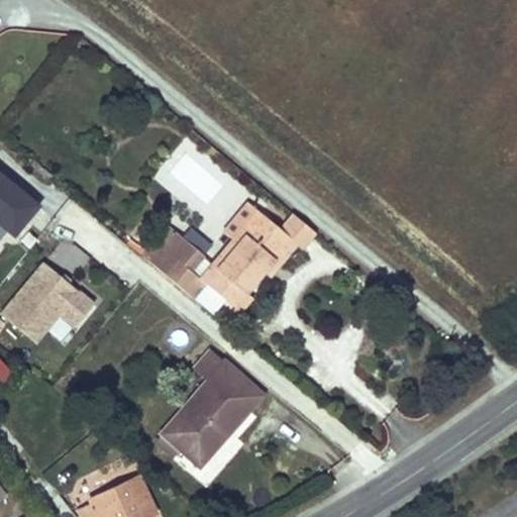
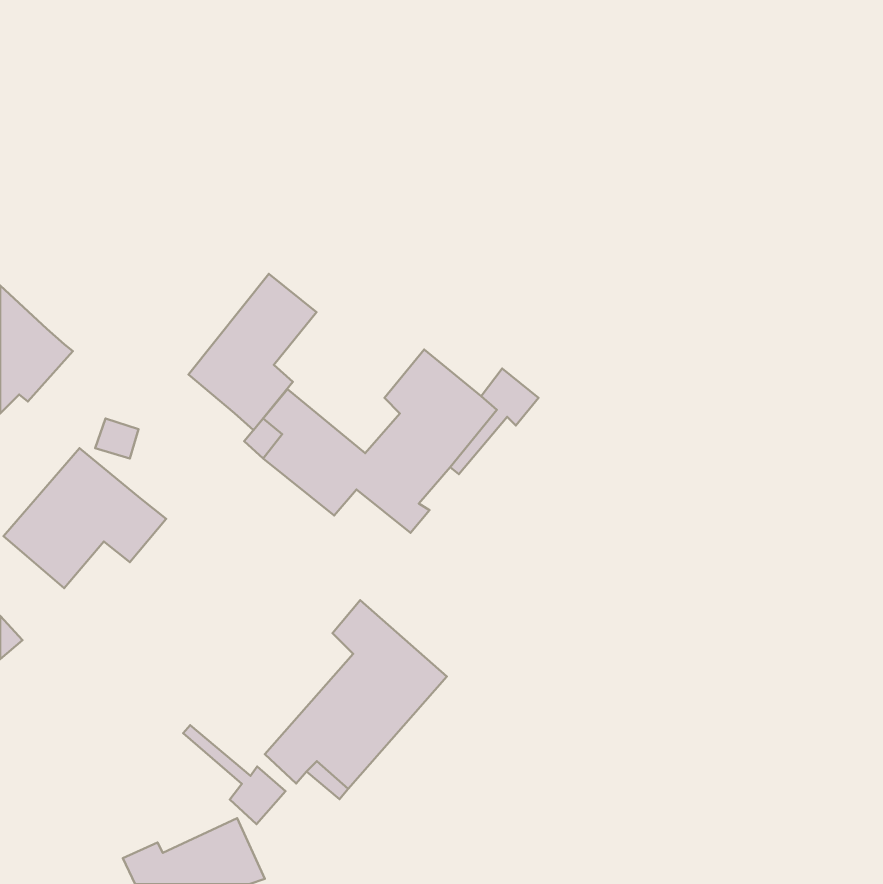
building: none -> [188,274,316,430]
building: none -> [183,725,286,824]

